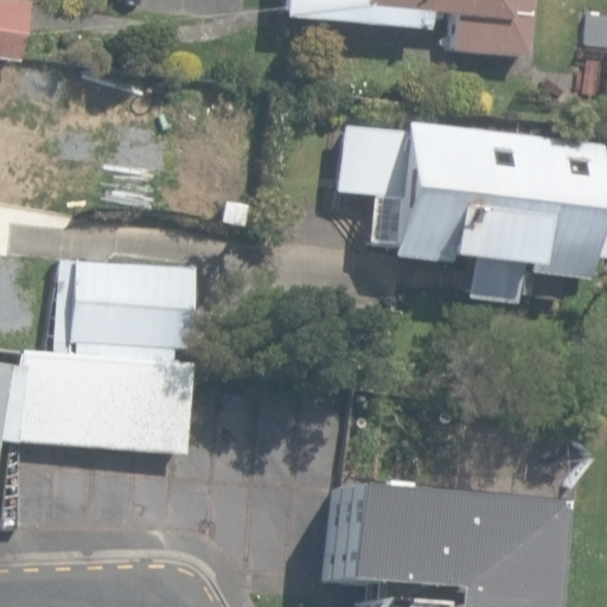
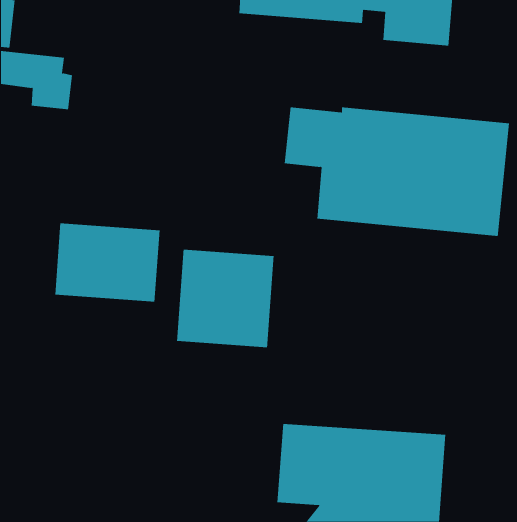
building: none -> [177,249,274,348]
building: [14,350,193,453] -> none

